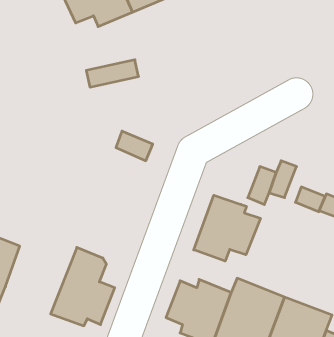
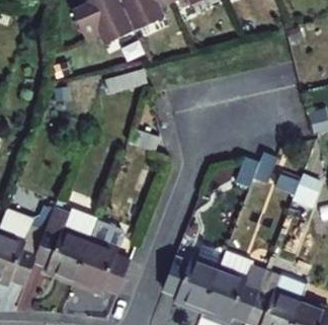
building: [194,195,260,261] -> none
building: none -> [31,210,94,283]

